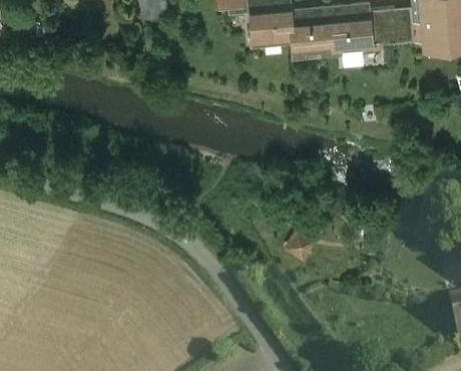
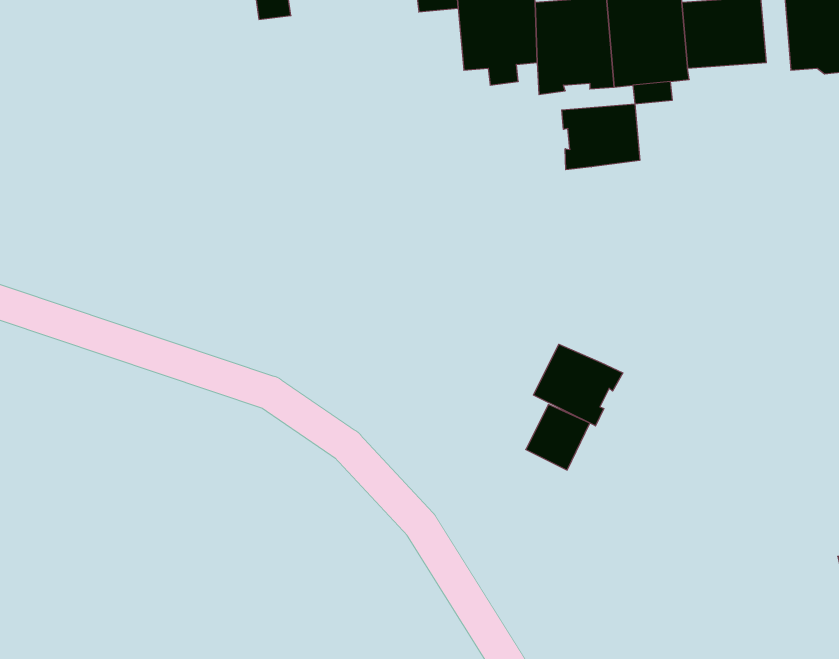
building: none -> [562,104,640,170]
building: none -> [534,344,623,426]

